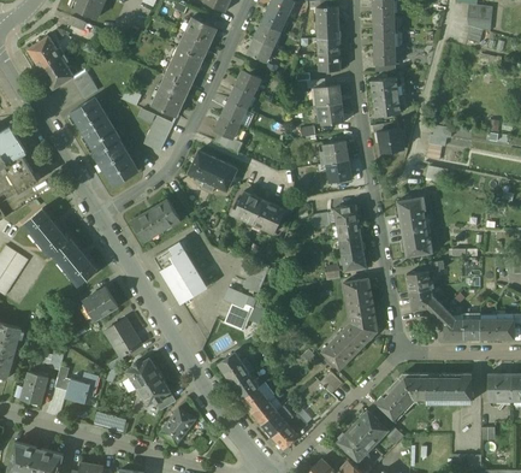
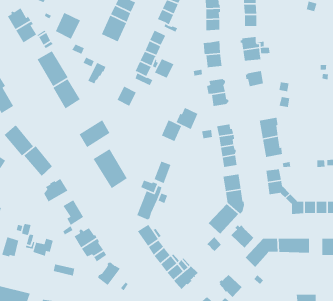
building: [153,76,191,117] -> [55,12,81,40]
building: [208,160,238,190] -> [154,58,175,79]
building: [231,190,265,224] -> [176,107,199,130]
building: [353,410,387,445] -> [230,225,254,248]

